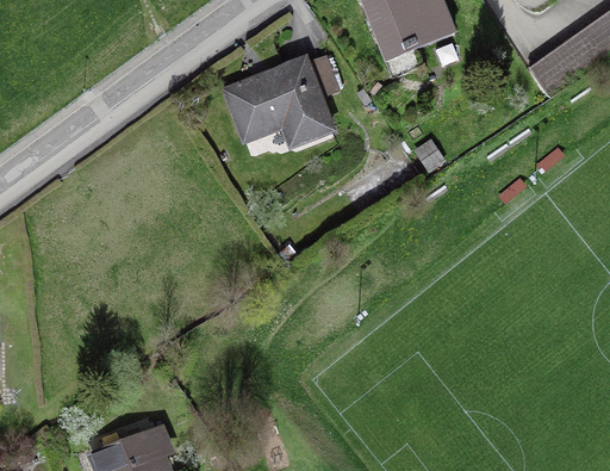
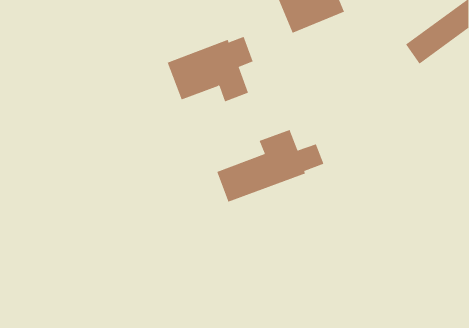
building: none -> [216,129,324,202]

